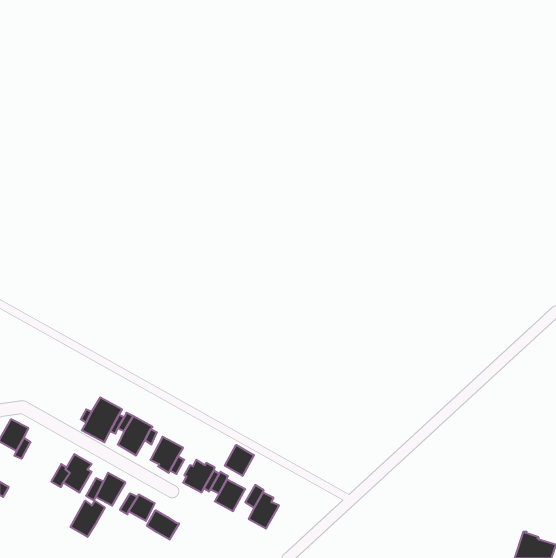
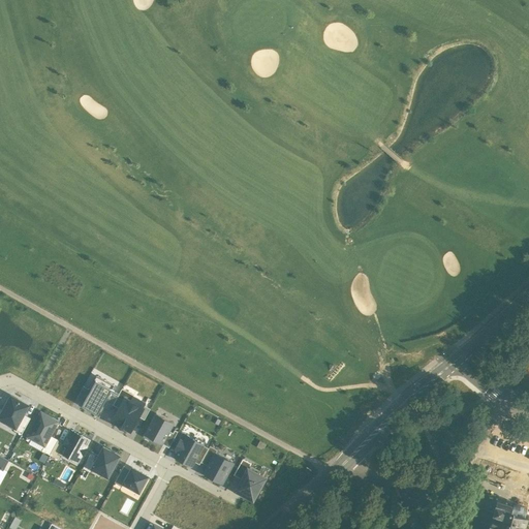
building: none -> [26,411,58,446]
building: [225,445,254,476] -> none
building: [70,501,105,537] -> none
building: [147,510,179,540] -> none

